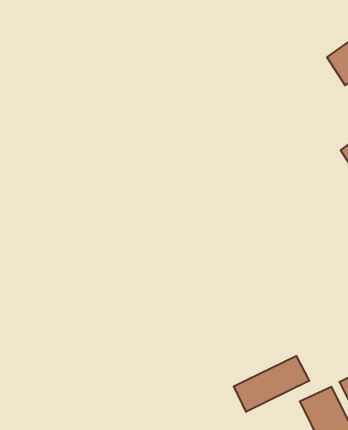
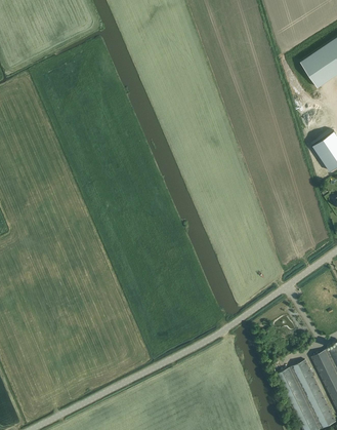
building: [234,356,309,412] -> none

